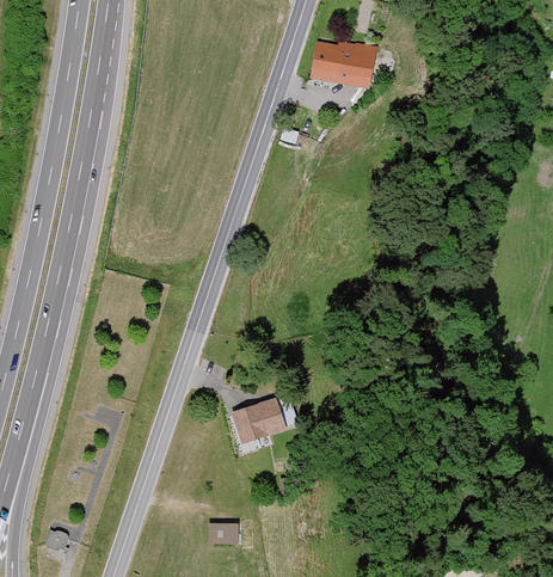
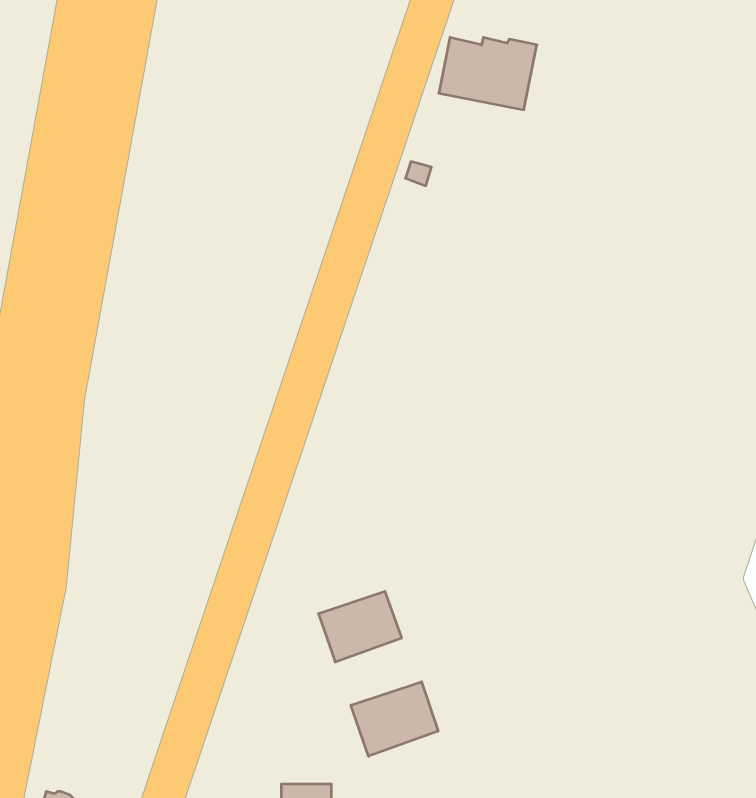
building: none -> [351,682,438,756]

